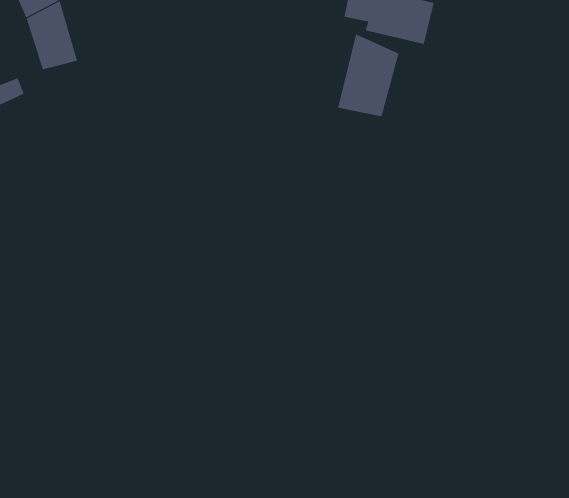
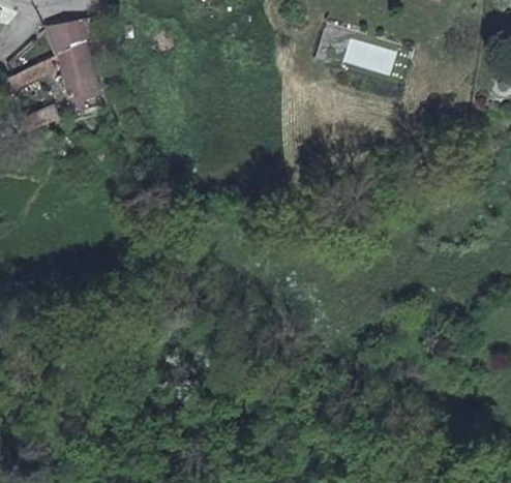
building: [338,33,399,117] -> none

